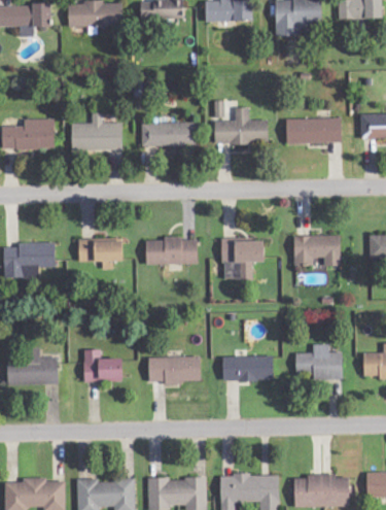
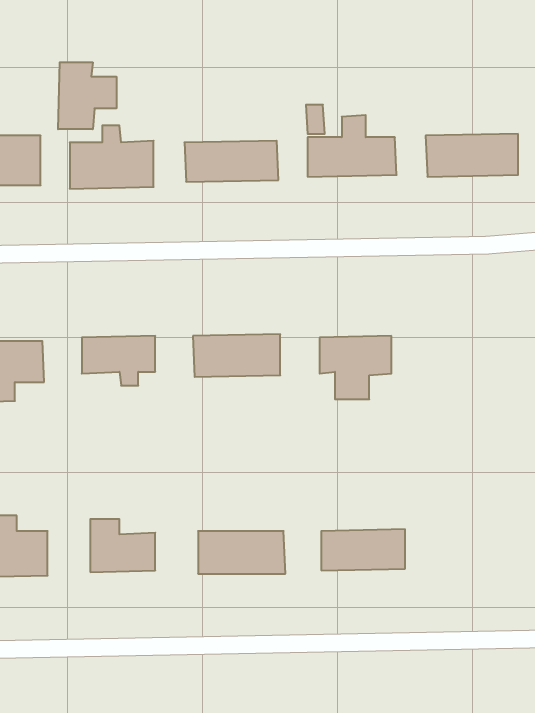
building: none -> [58,62,116,129]
building: [293,235,341,266] -> none
building: [295,343,342,378] -> none

